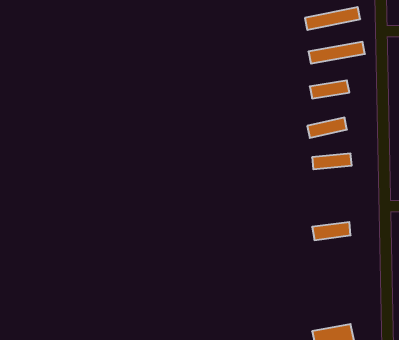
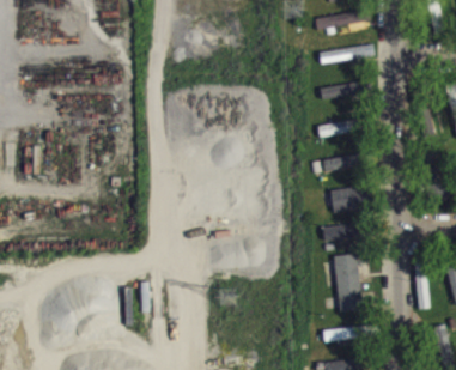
building: none -> [332,187,365,211]
building: none -> [335,255,360,311]

